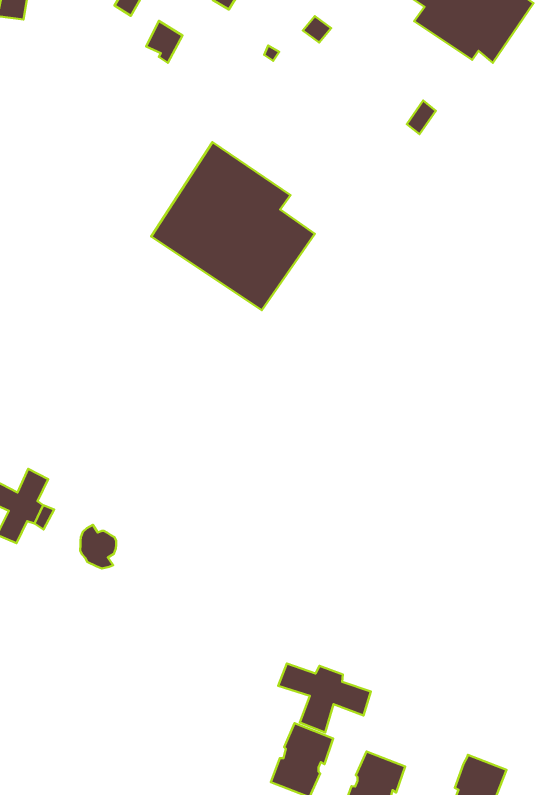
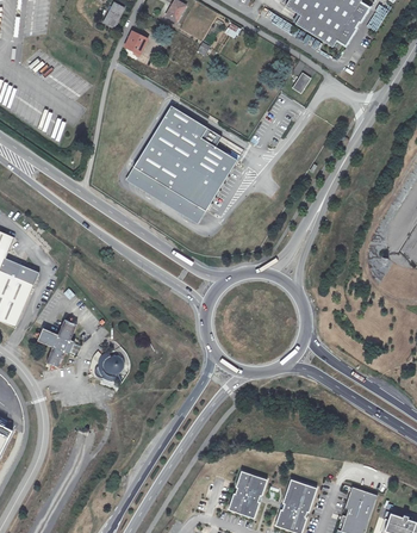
building: [278,663,371,733] -> none

